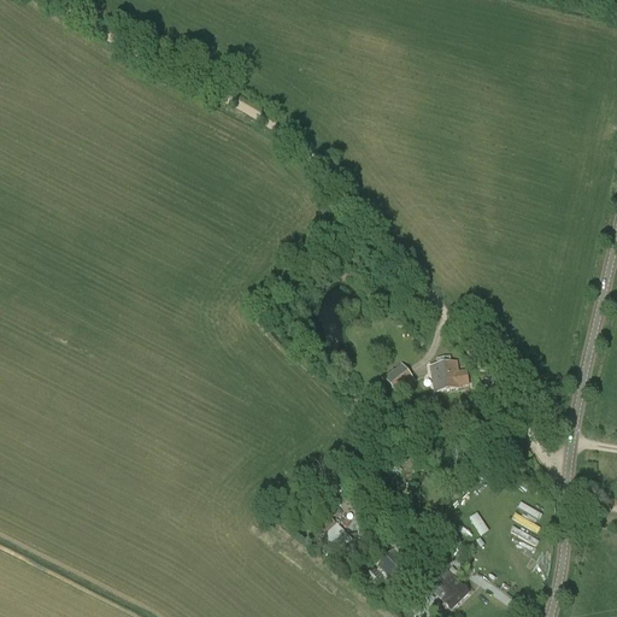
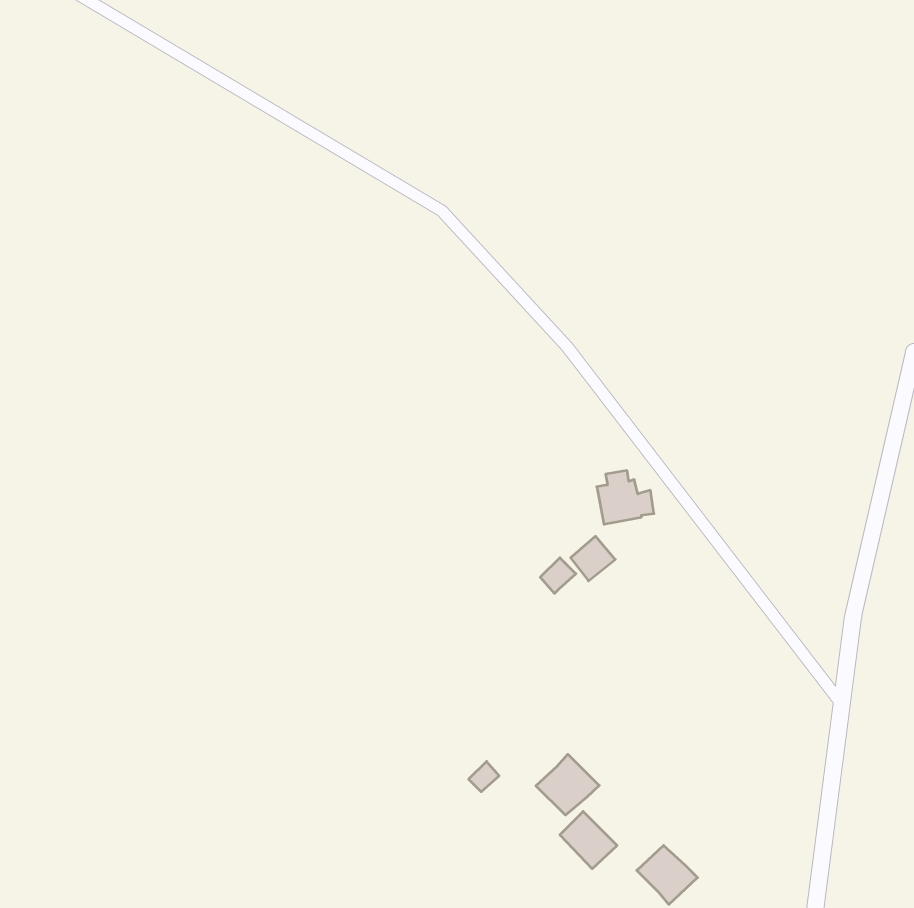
building: [430,354,469,390] -> [597,471,654,524]
building: none -> [536,754,599,815]

